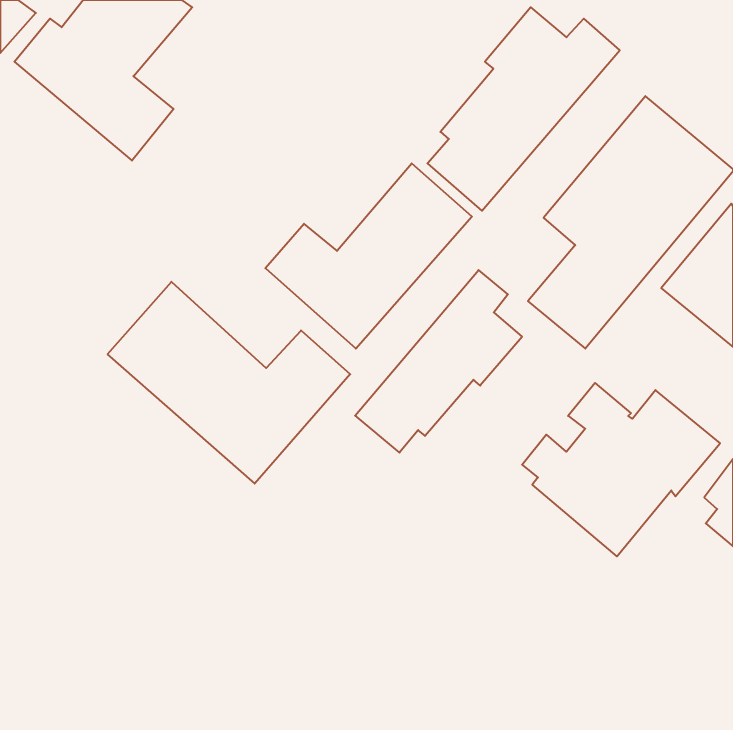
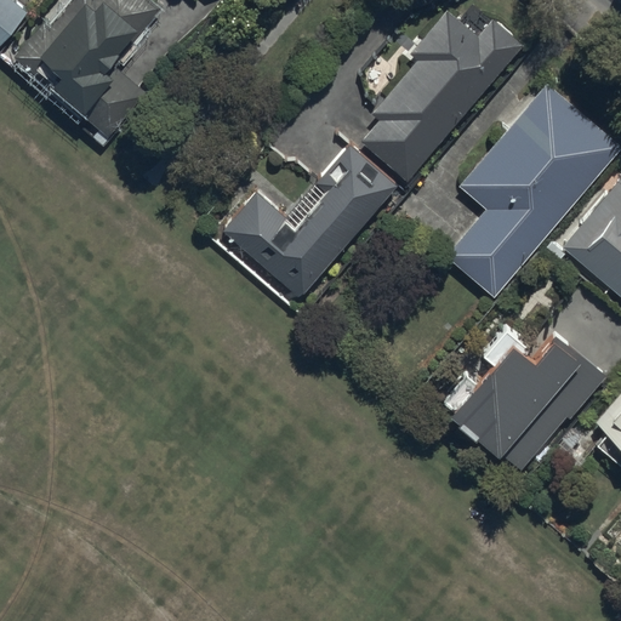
building: [355,270,522,453] -> none
building: [108,282,350,484] -> none

